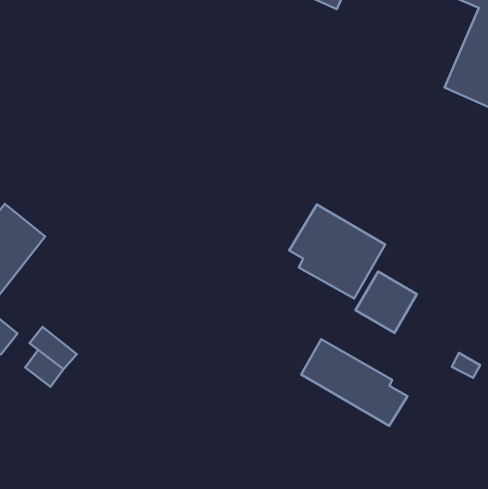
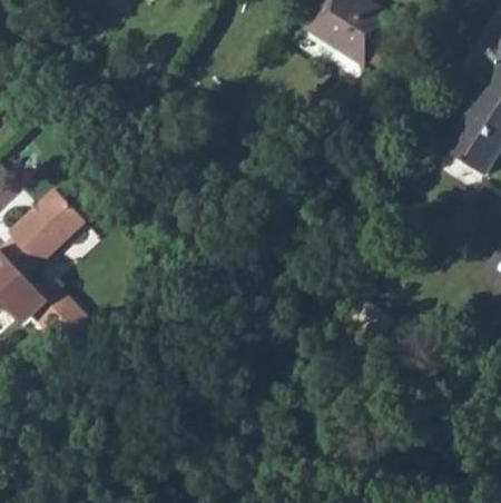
building: [289,205,385,299] -> none
building: [301,339,408,426] -> none

